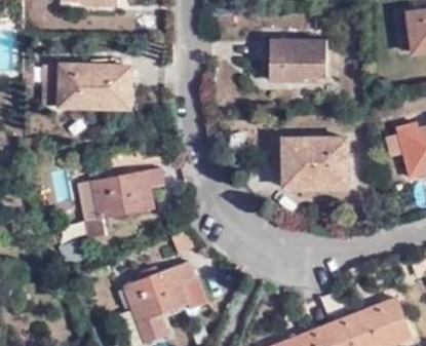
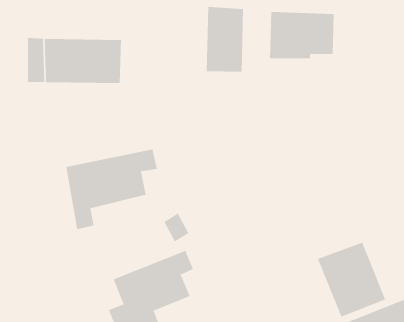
building: none -> [206,6,244,72]
building: [280,141,344,186] -> none
building: none -> [317,242,386,317]

